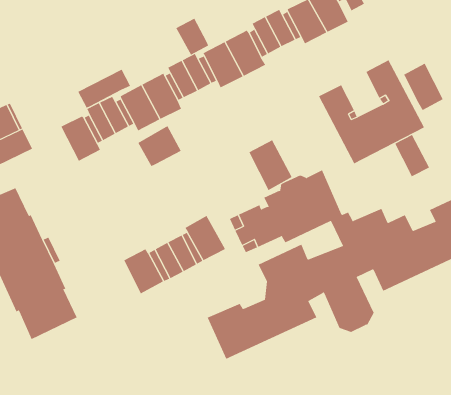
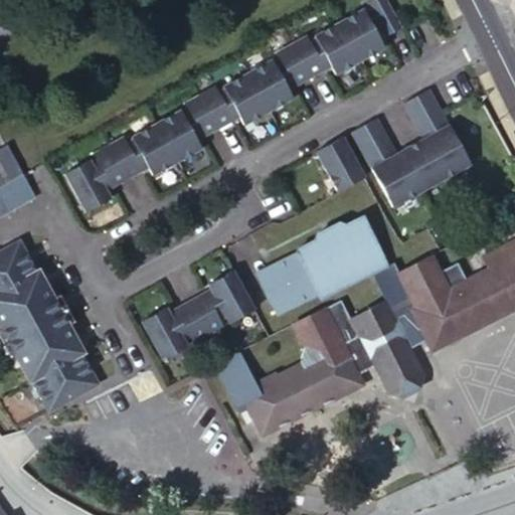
building: [175,18,209,55] -> none
building: [403,63,443,111] -> none
building: [78,69,131,108] -> none
building: [138,125,181,167] -> none
building: [395,134,430,177] -> none
building: [248,140,292,191] -> [321,139,370,196]

